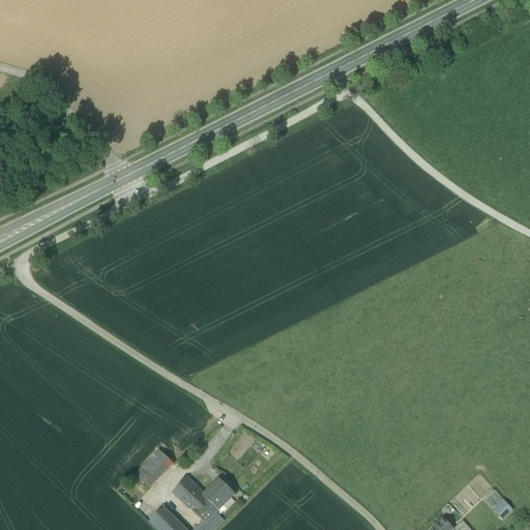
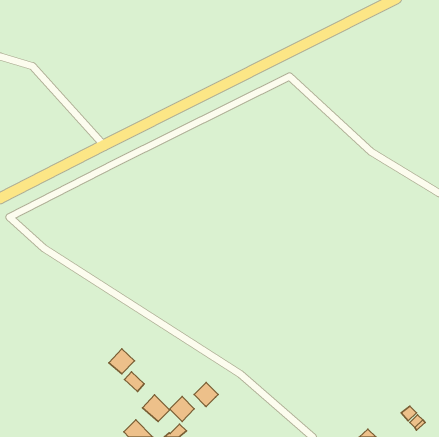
building: [135,458,166,488] -> [109,349,135,374]
building: [190,494,219,523] -> [194,383,218,407]

